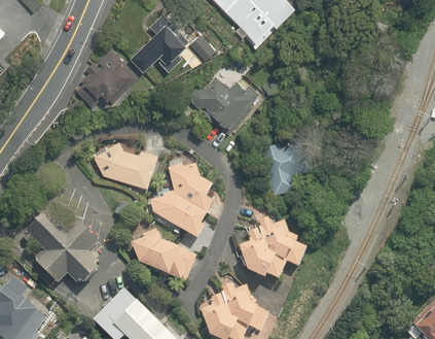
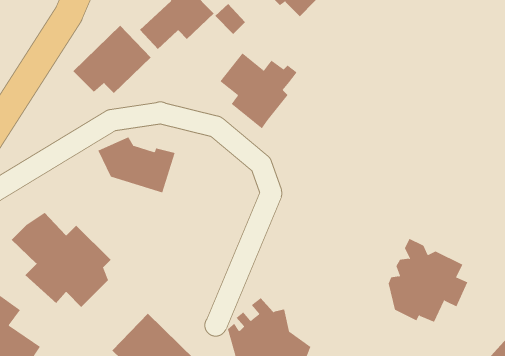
building: [261,144,299,198] -> none
building: [146,155,225,241] -> none
building: [241,211,306,280] -> [388,238,468,322]
building: [125,233,197,282] -> none

